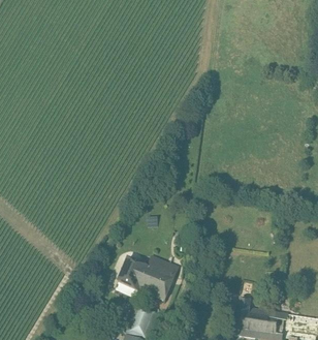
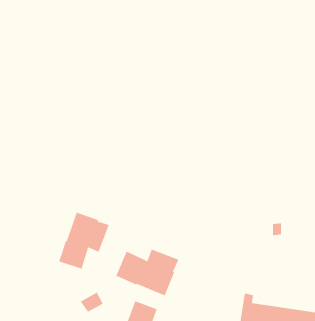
building: none -> [59,212,110,270]

